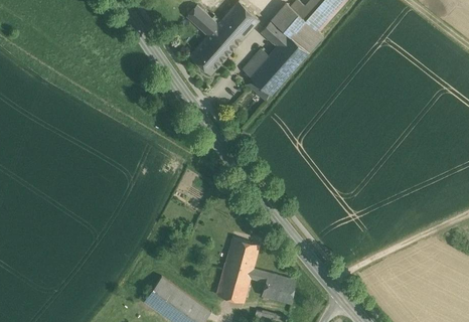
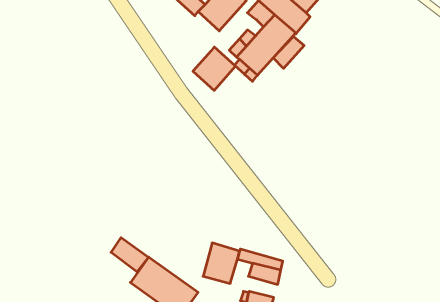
building: [189,31,231,74] -> [193,47,235,90]
building: none -> [273,37,304,68]
building: [224,236,259,270] -> none
building: none -> [111,238,148,272]

